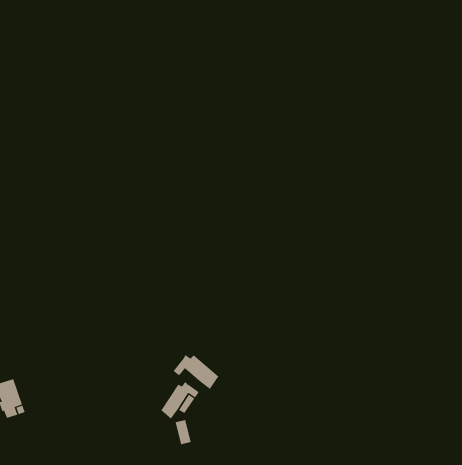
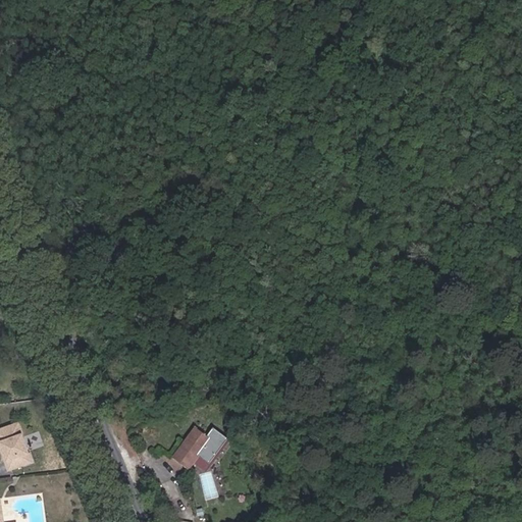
building: [173,354,219,390] -> none

